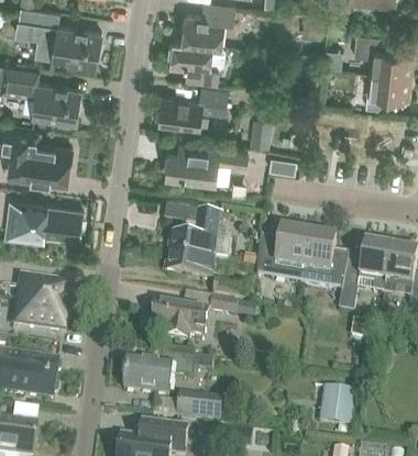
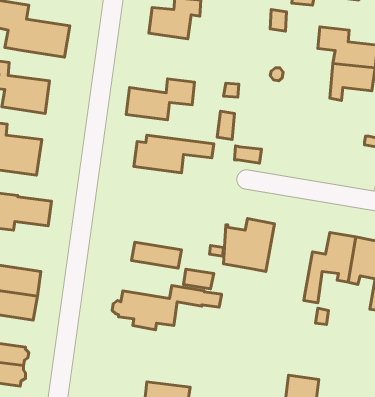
building: [171,36,224,82] -> none
building: [167,207,221,258] -> none
building: [300,232,349,287] -> none
building: [123,352,191,393] -> none

